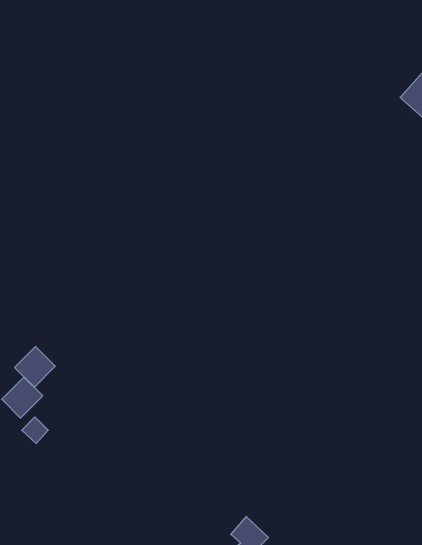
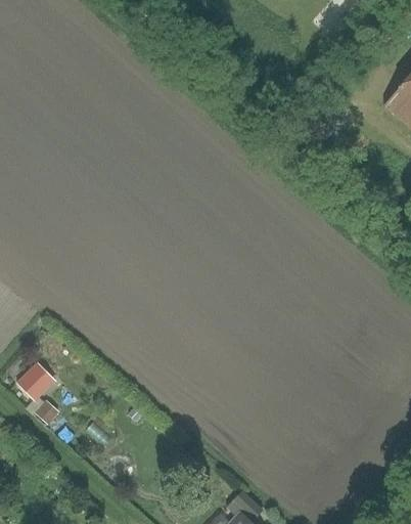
building: [15,346,55,387] -> none

